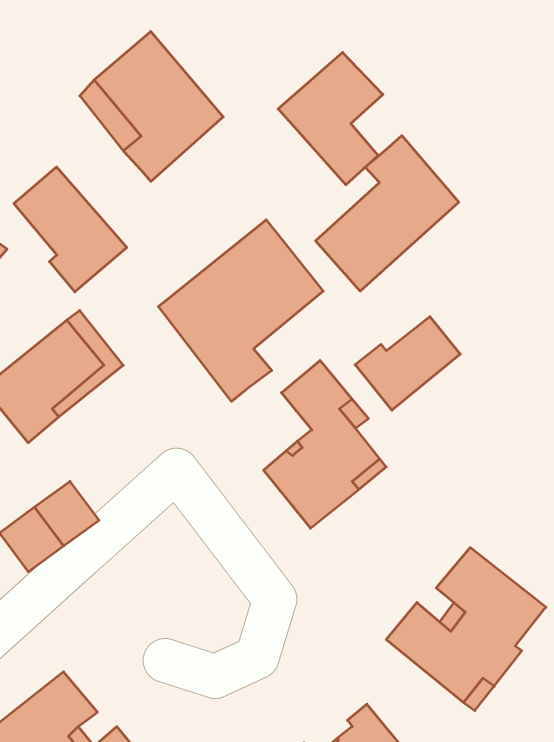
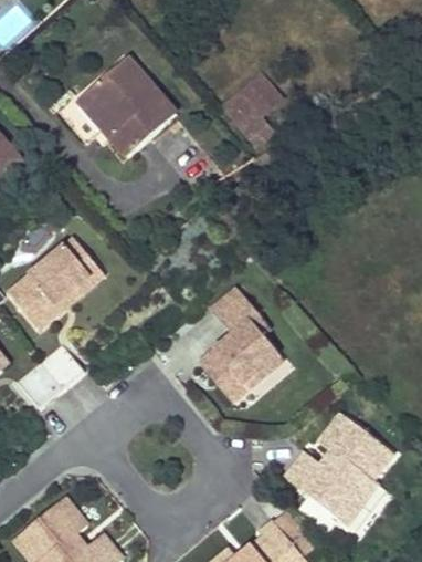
building: [316,136,459,291] -> none
building: [14,167,127,292] -> none
building: [158,220,323,401] -> none
building: [355,317,460,410] -> none

